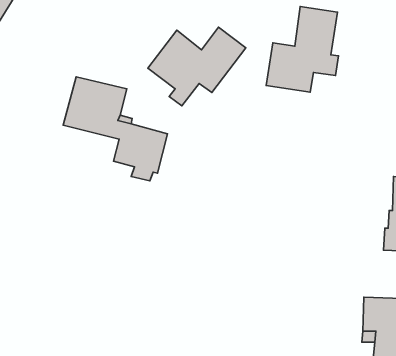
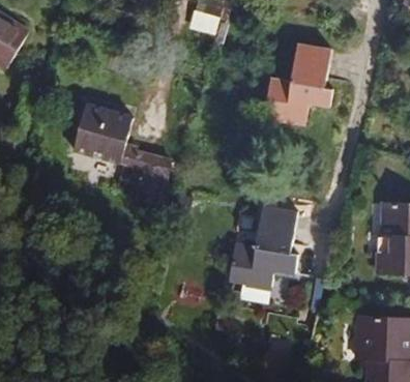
building: [148,27,246,106] -> none
building: none -> [228,204,298,288]

